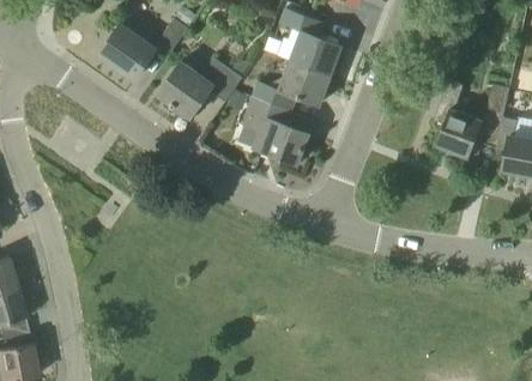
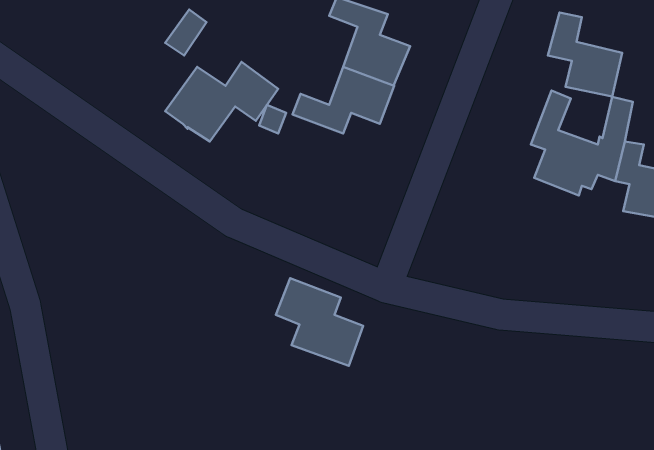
building: none -> [548,12,622,97]
building: [99,24,156,79] -> none
building: [242,97,308,163] -> [276,278,363,366]

